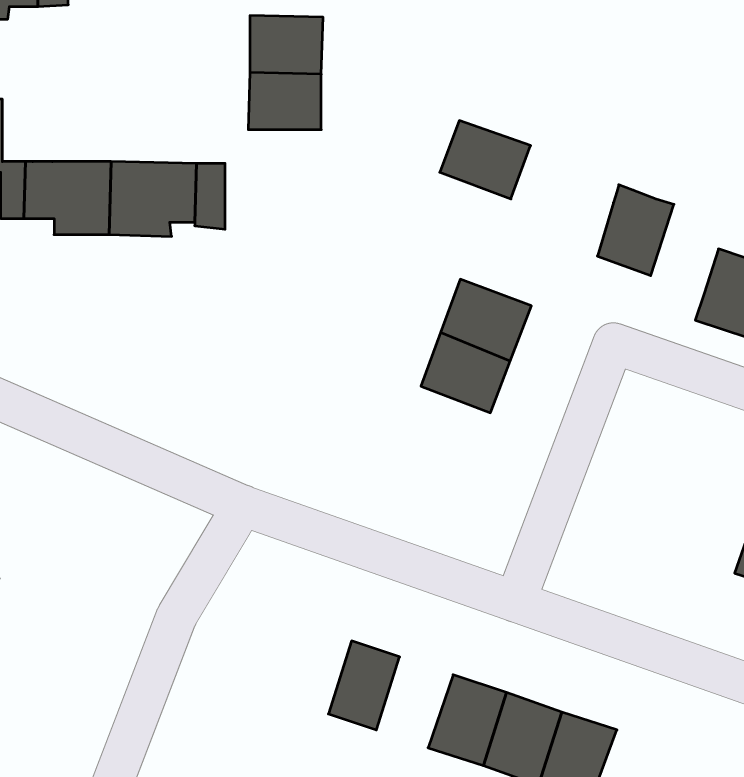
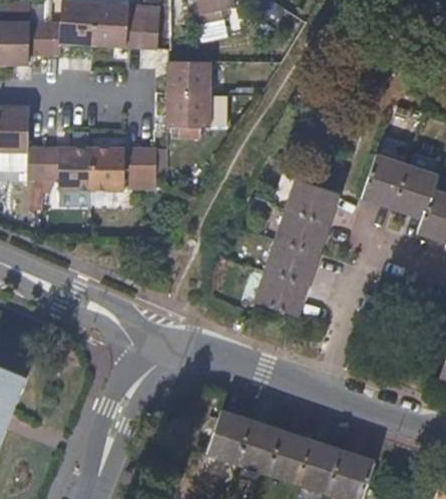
building: [440,121,531,199] -> [286,180,337,224]
building: none -> [393,167,436,217]
building: none -> [253,270,303,315]
building: none -> [239,422,282,473]

